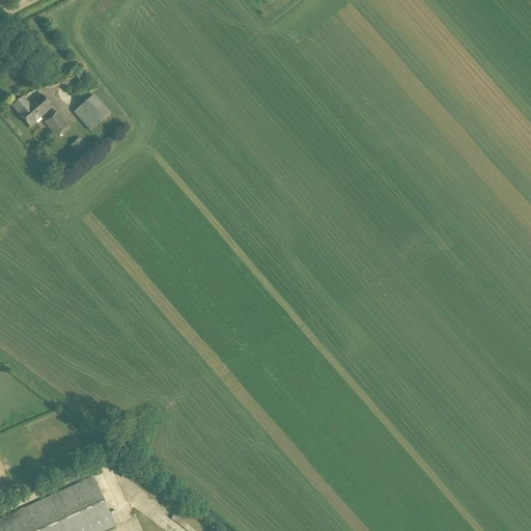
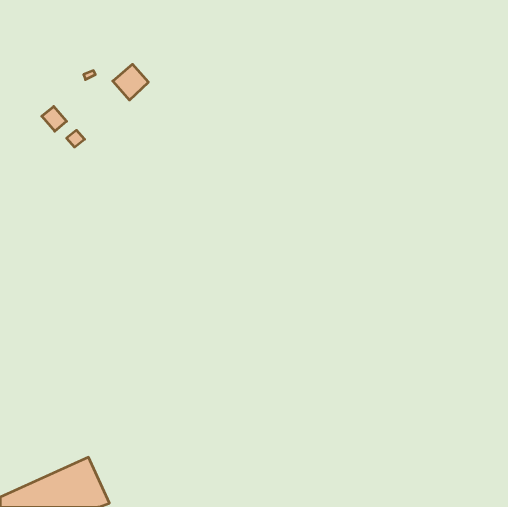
building: [11,94,52,127] -> none
building: [73,94,110,132] -> [113,64,148,100]

